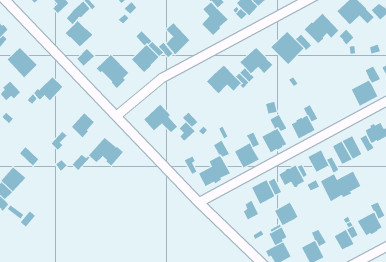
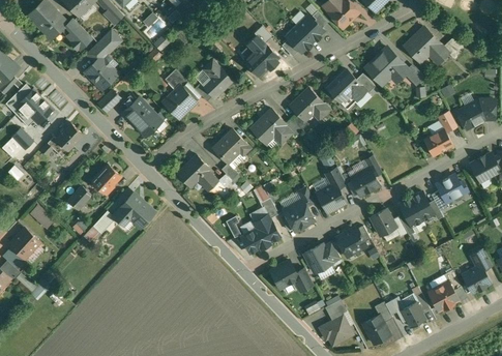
building: none -> [212,129,250,164]
building: [320,171,361,202] -> none
building: [274,202,298,226] -> [270,261,298,289]

